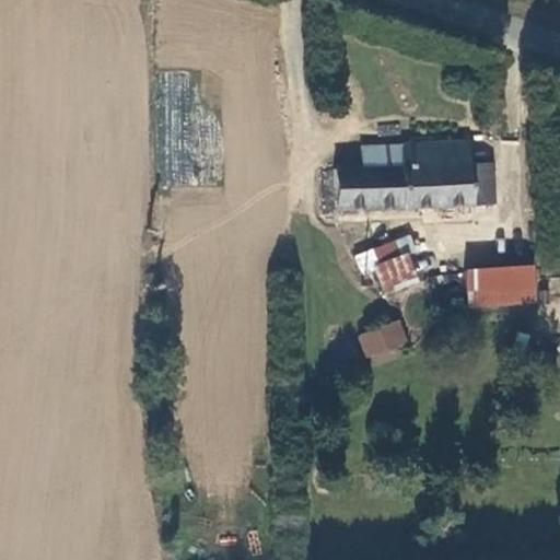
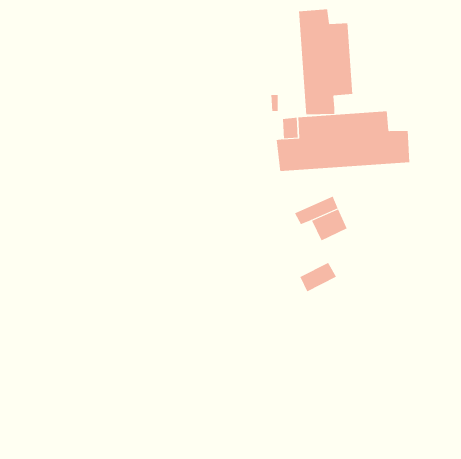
building: none -> [298,8,353,115]
building: [453,265,534,304] -> none

